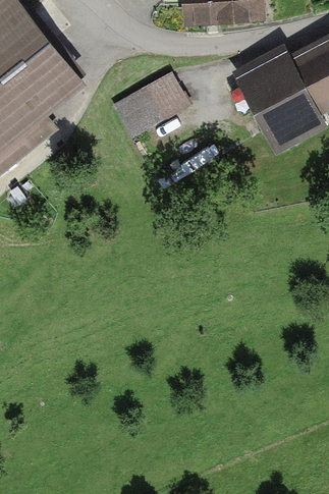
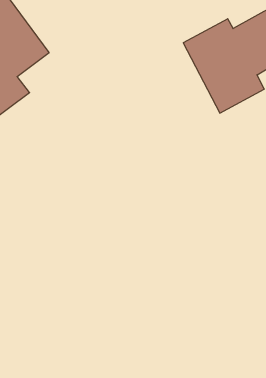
building: [116,73,191,139] -> none

